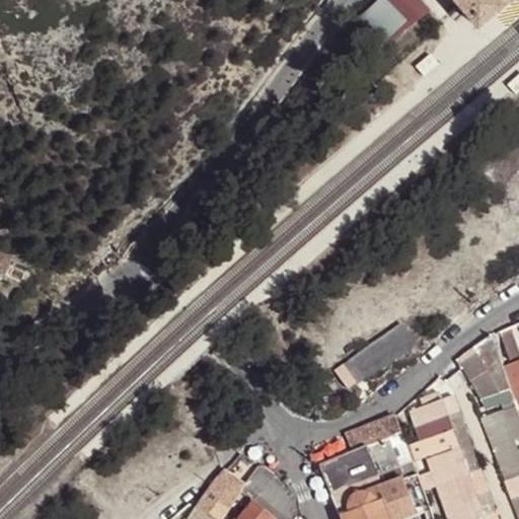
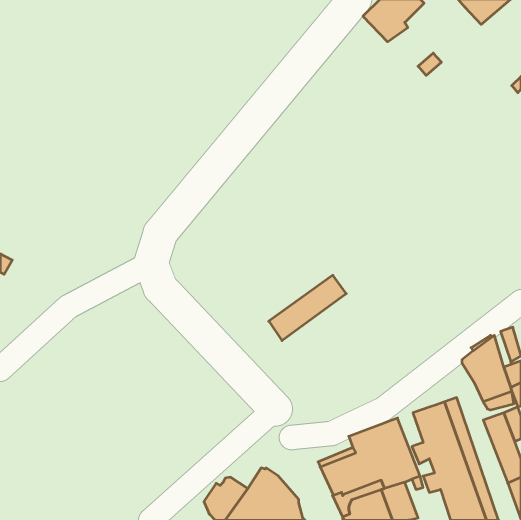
building: [337,327,414,392] -> [269,275,346,341]

